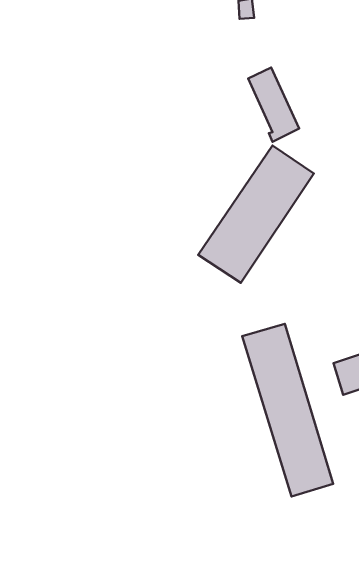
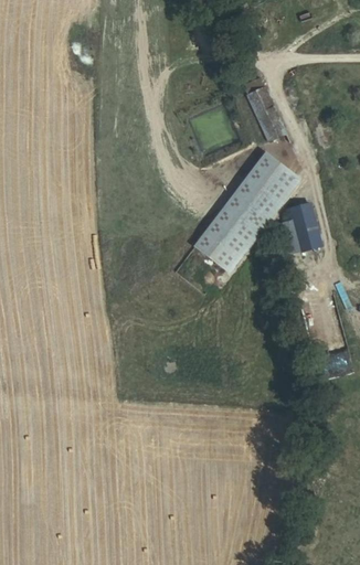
building: none -> [284,203,311,246]
building: [242,324,333,497] -> none

